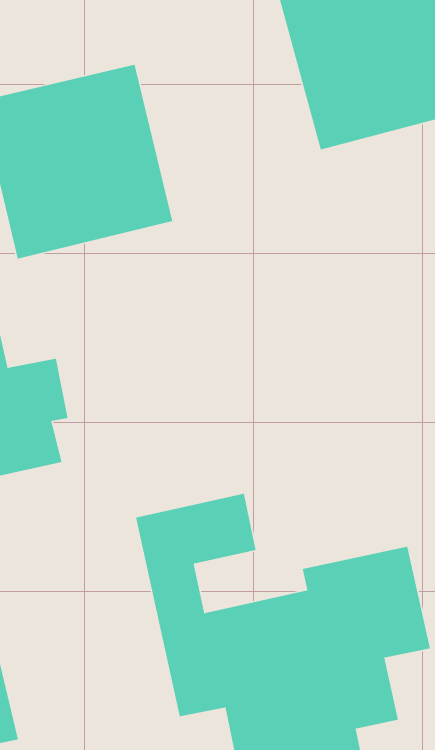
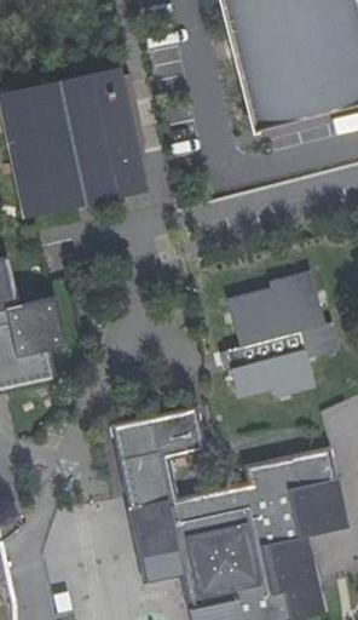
building: none -> [229,277,341,401]

